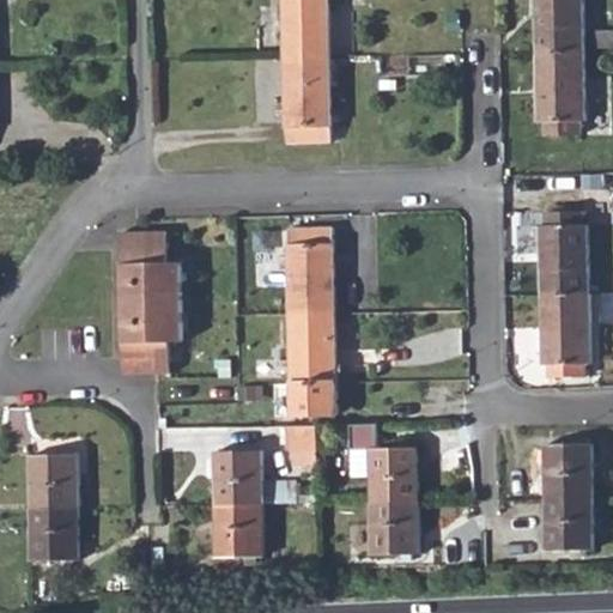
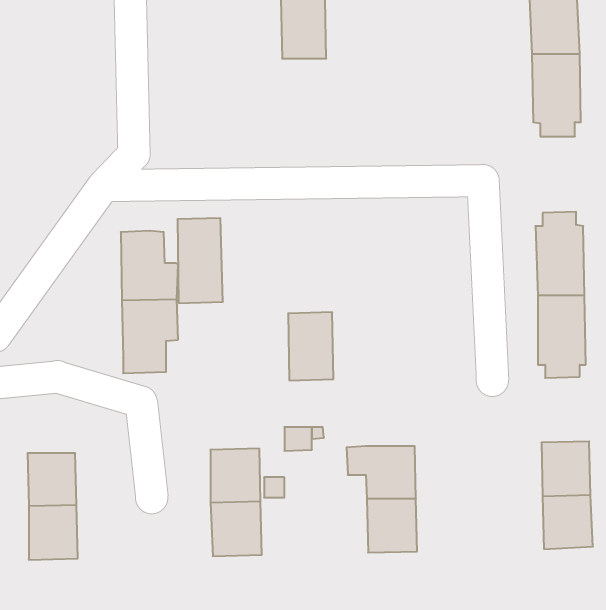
building: [283,59,329,144] -> none
building: [287,229,333,314] -> [177,218,223,303]
building: [290,380,335,413] -> none

